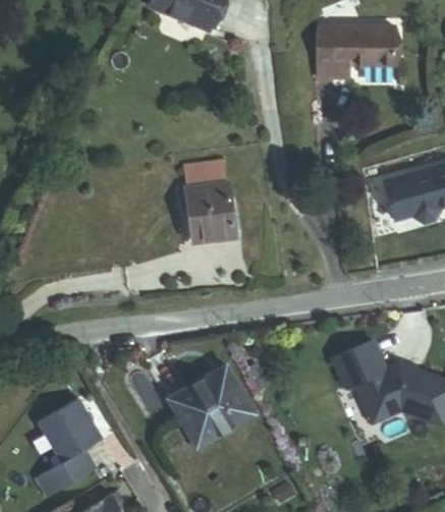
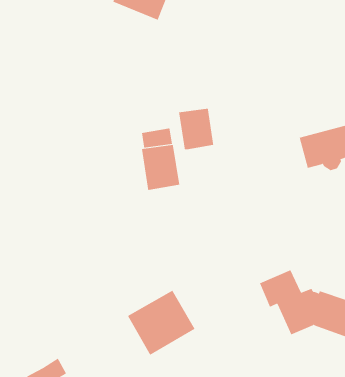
building: [316,27,394,79] -> none
building: none -> [179,108,214,150]
building: [38,398,102,463] -> none

